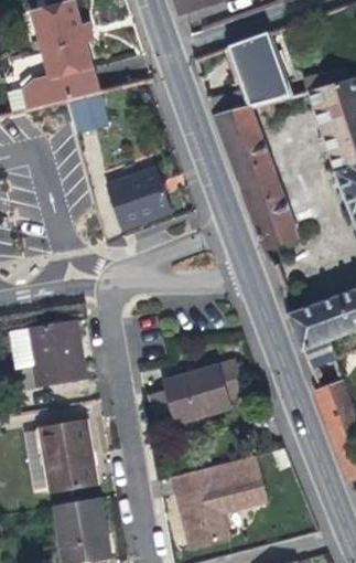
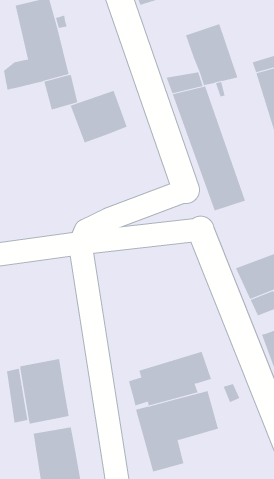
building: [105,167,171,227] -> [70,90,128,143]
building: [25,319,84,387] -> none
building: [150,359,246,422] -> [128,351,212,406]

